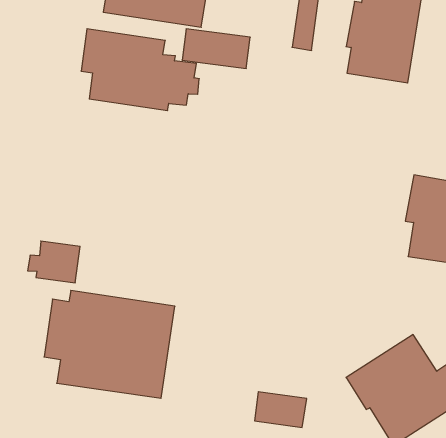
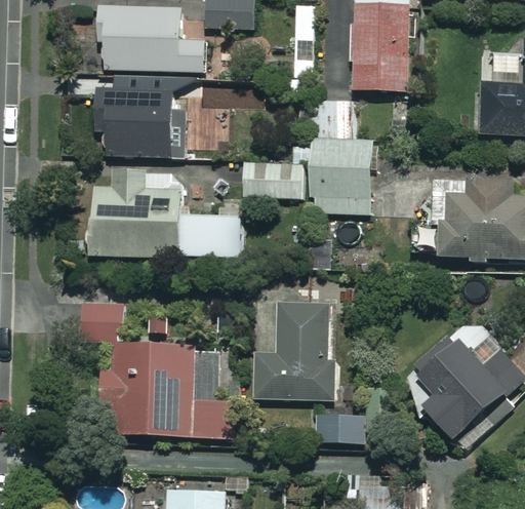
building: none -> [311,99,375,212]
building: none -> [88,172,231,260]
building: none -> [244,162,302,197]
building: none -> [254,304,334,400]

